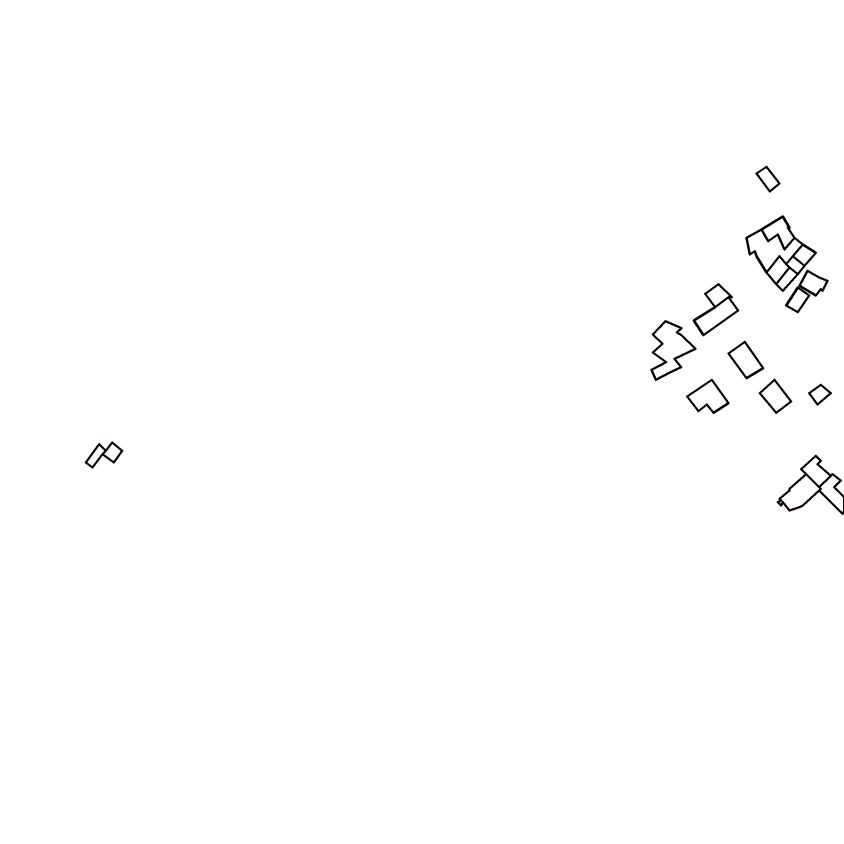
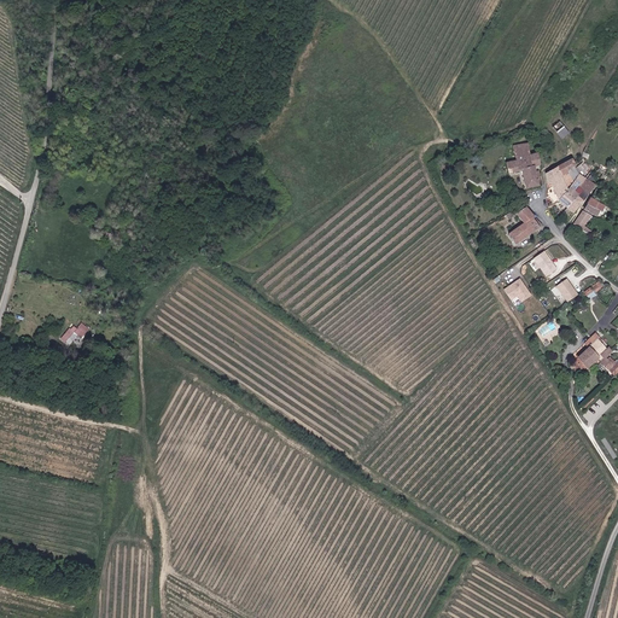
building: none -> [506,144,540,188]
building: [651,321,695,380] -> none

